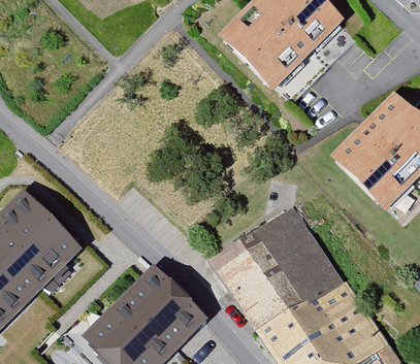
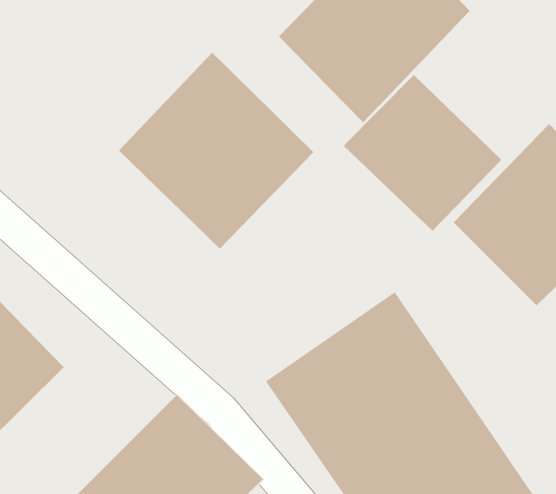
building: none -> [118,52,314,249]
building: none -> [343,74,502,231]

